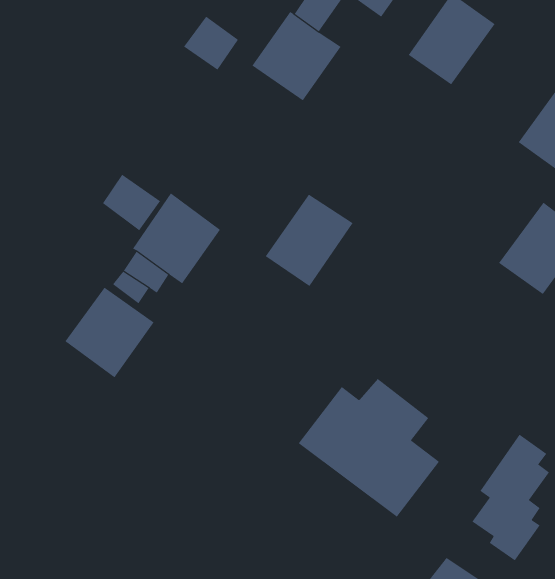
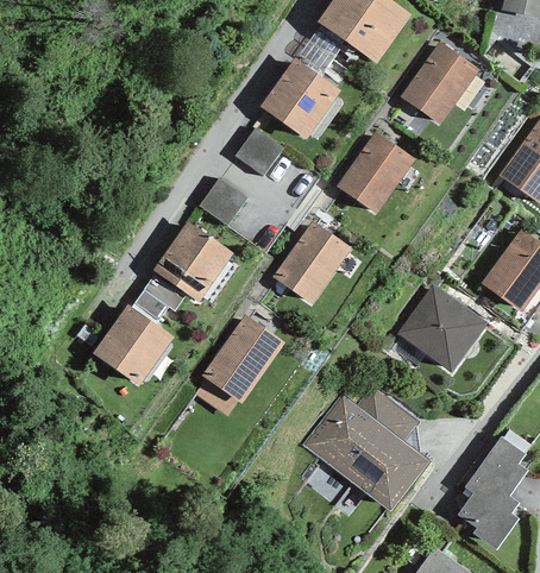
building: [183,16,239,70] -> [233,127,283,176]
building: none -> [335,131,414,213]
building: none -> [197,178,246,225]
building: [102,174,161,231] -> none
building: none -> [396,284,488,373]
building: none -> [195,315,284,415]

